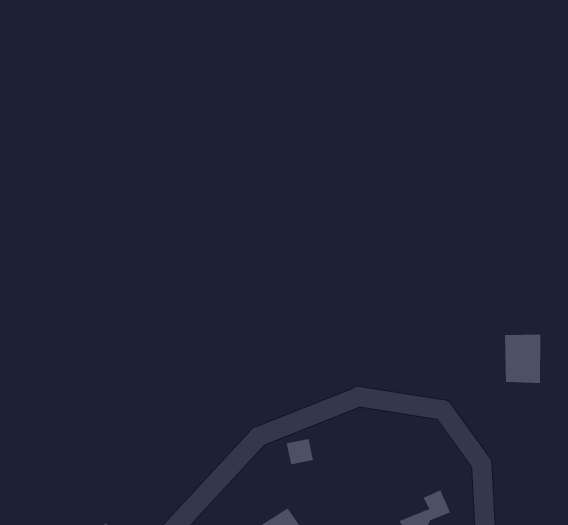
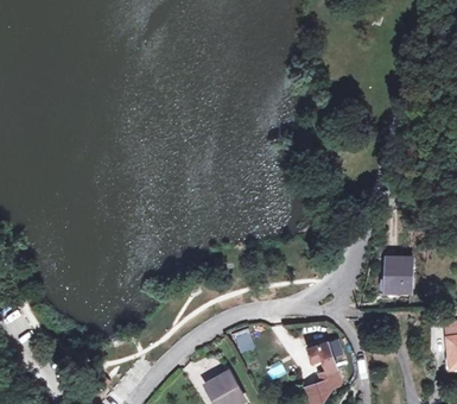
building: none -> [309,341,341,373]

